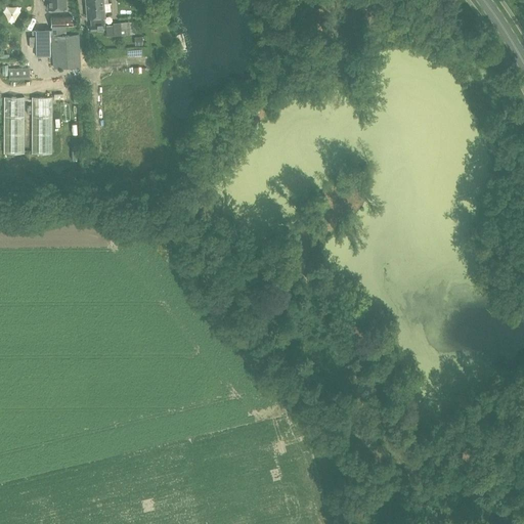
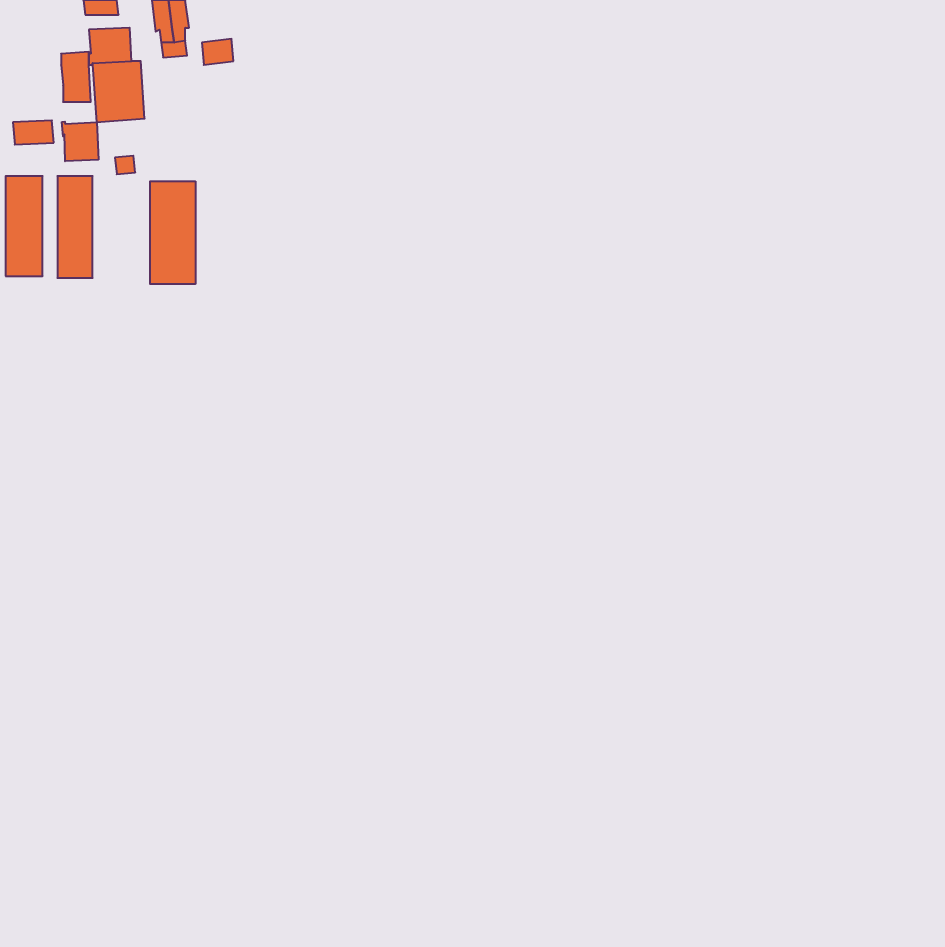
building: none -> [62,122,98,161]
building: none -> [150,181,195,284]

